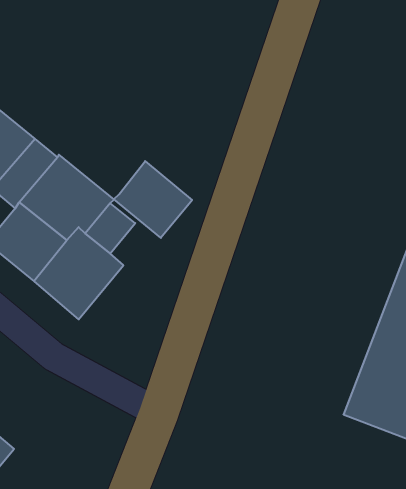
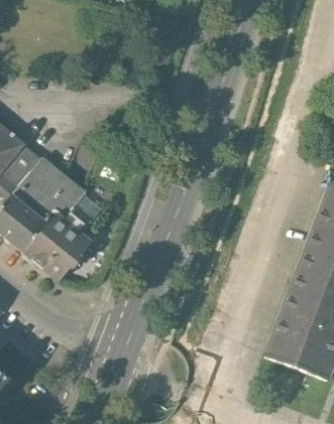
building: [114,161,192,238] -> none

